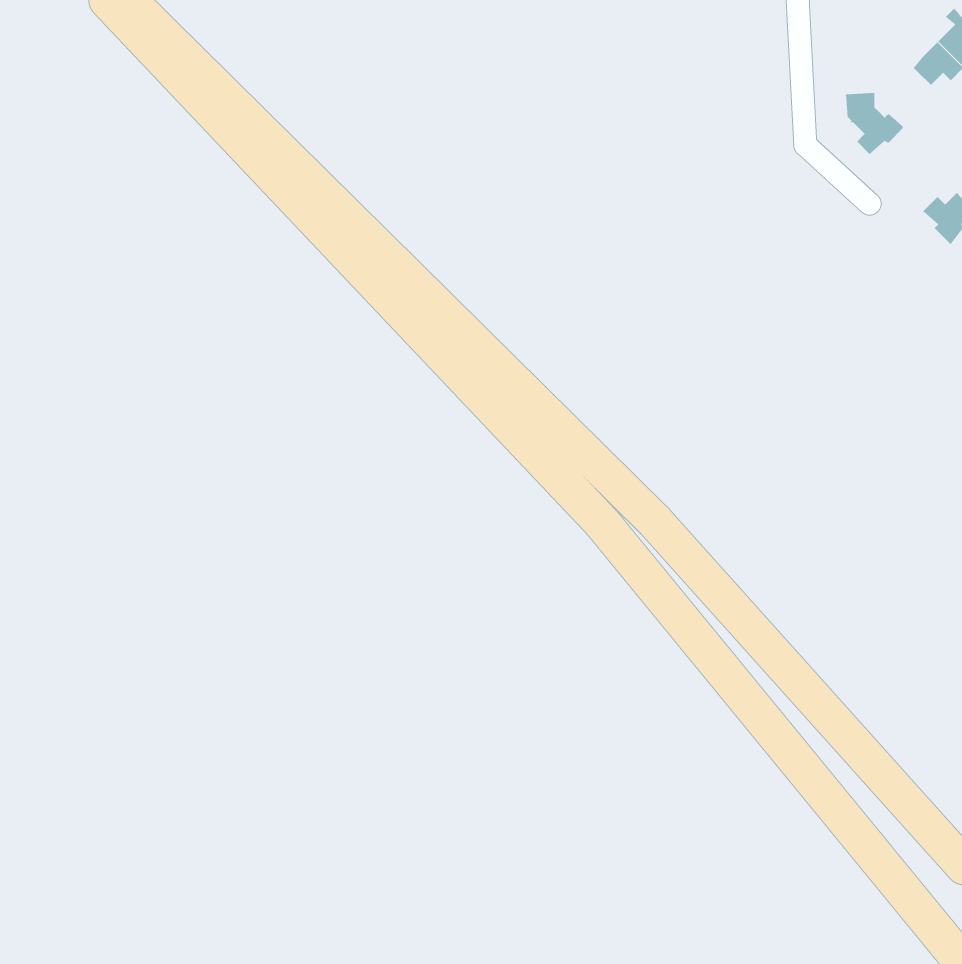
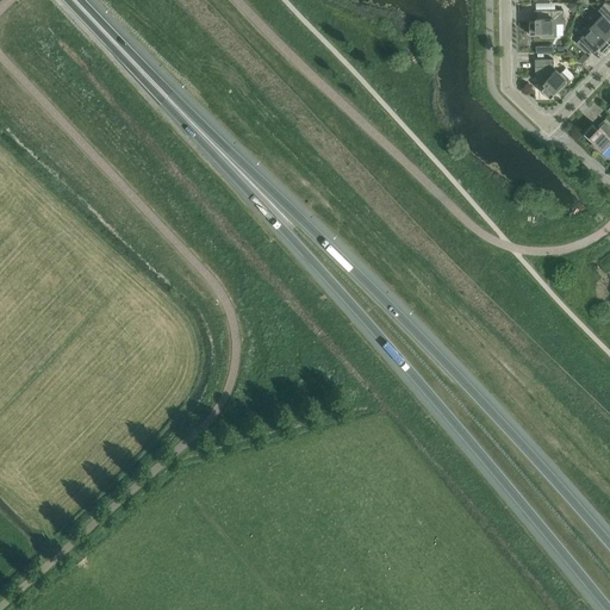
building: none -> [530,10,565,37]

